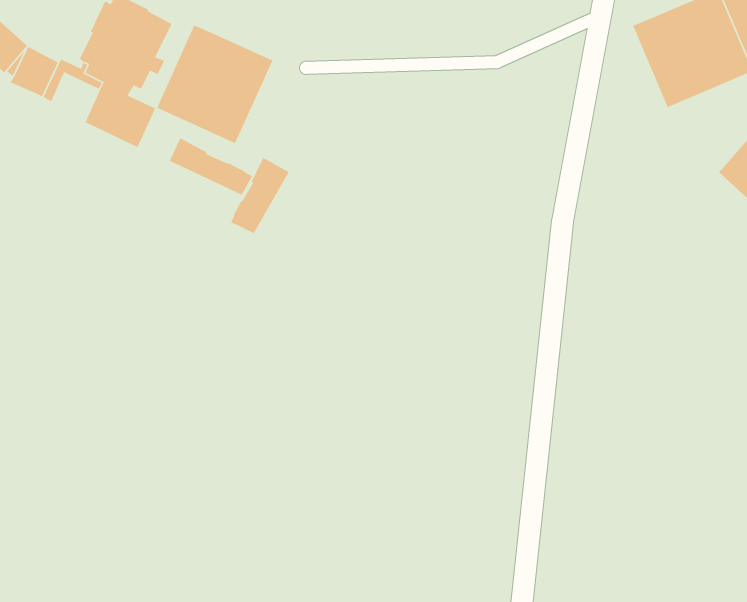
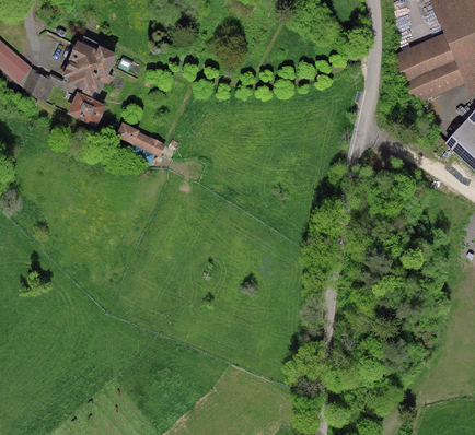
building: [156,24,274,144] -> none
building: [230,157,290,234] -> none

